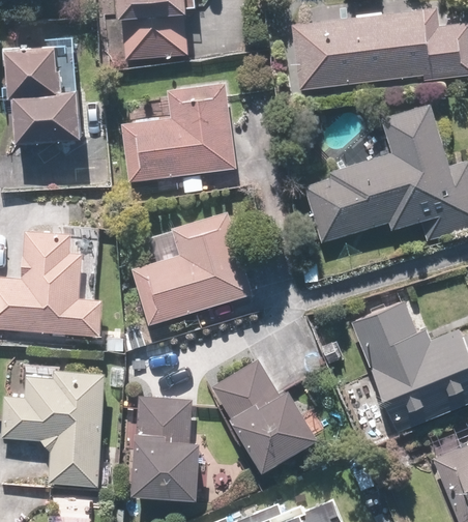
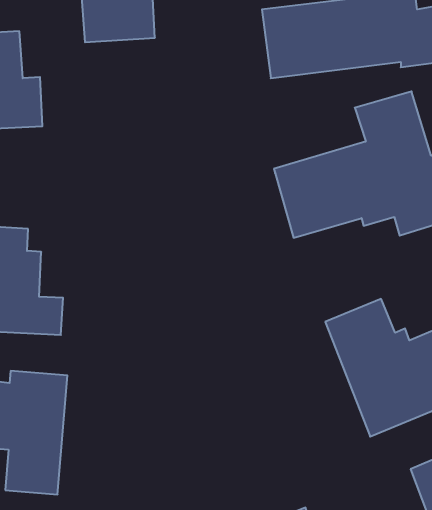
building: [119,85,231,179] -> none
building: [130,212,252,325] -> none
building: [208,359,319,473] -> none
building: [134,397,201,498] -> none

